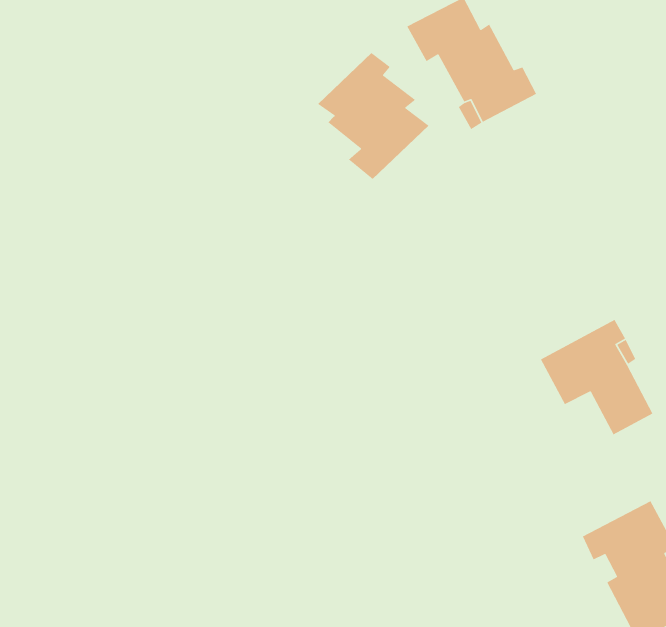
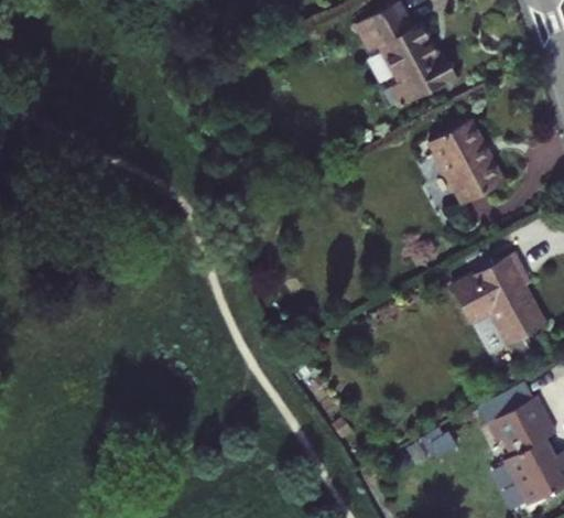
building: [317,52,430,180] -> none
building: none -> [431,118,509,204]

